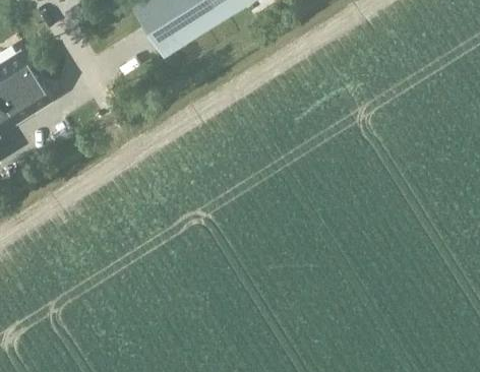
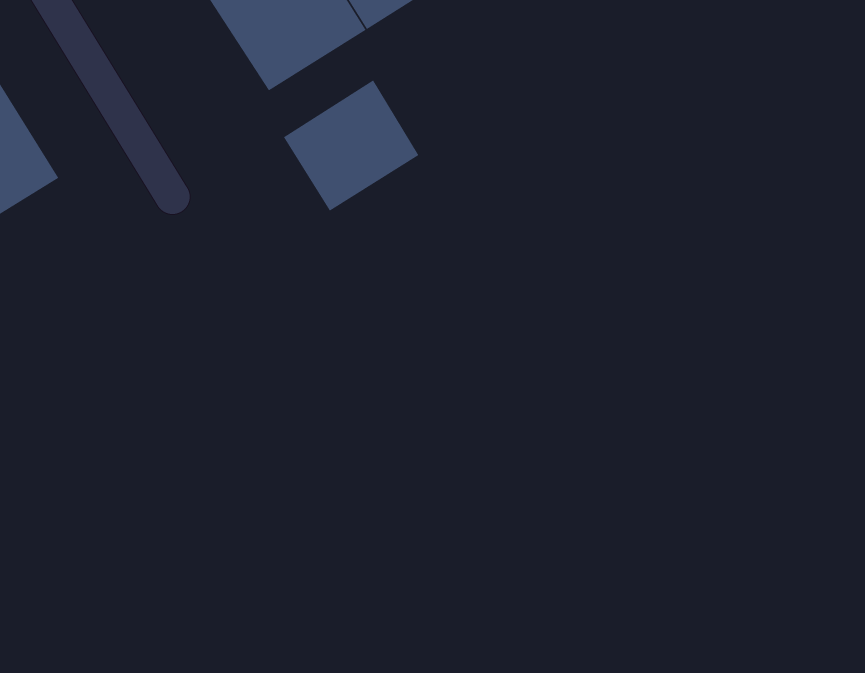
building: none -> [283,80,419,212]

